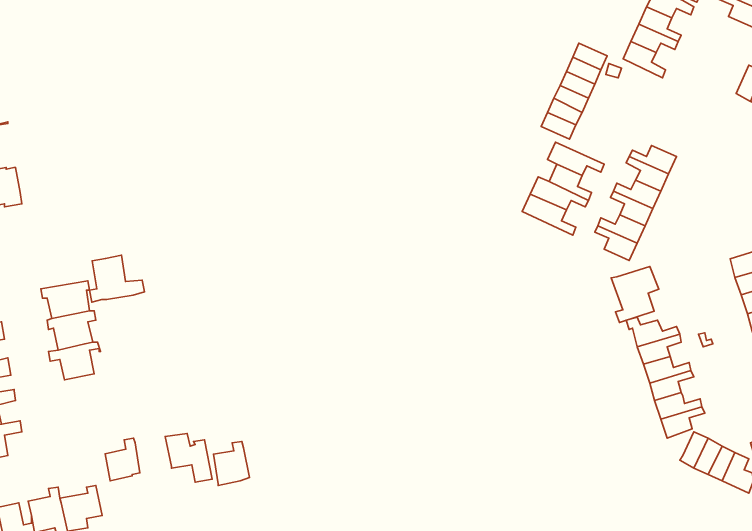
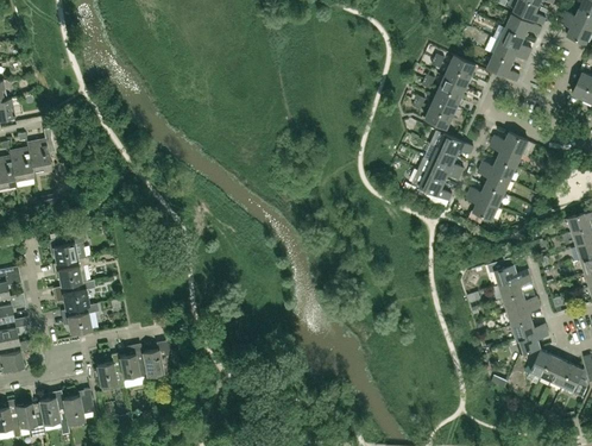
building: none -> [26,128,55,178]
building: [90,255,145,302] -> none
building: [611,266,659,322] -> none
building: none -> [61,304,97,334]
building: [213,441,250,485] -> [119,348,146,382]

